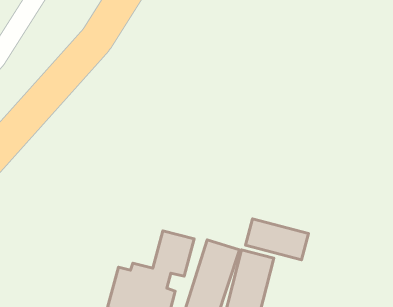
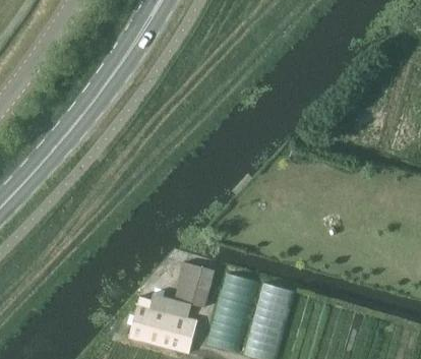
building: [245,219,308,260] -> none

